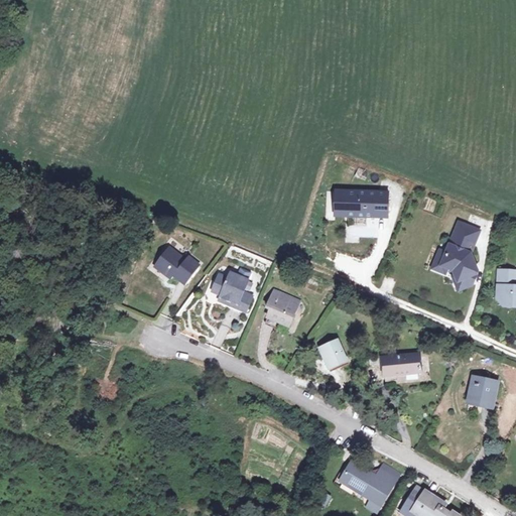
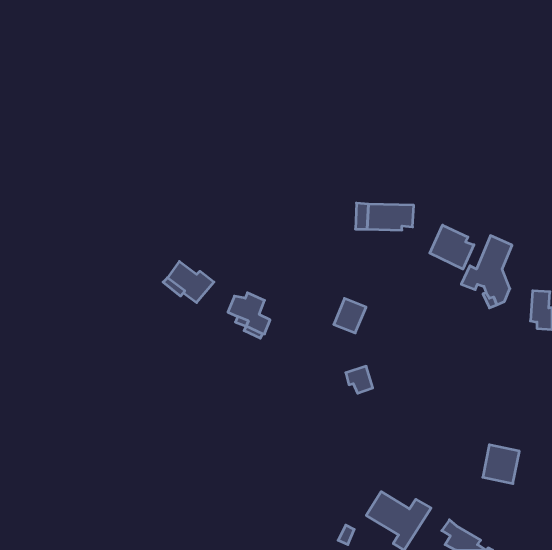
building: none -> [430,225,474,269]
building: [267,292,297,325] -> [334,298,366,333]
building: [386,358,423,380] -> none
building: [465,372,499,408] -> [483,445,519,484]

